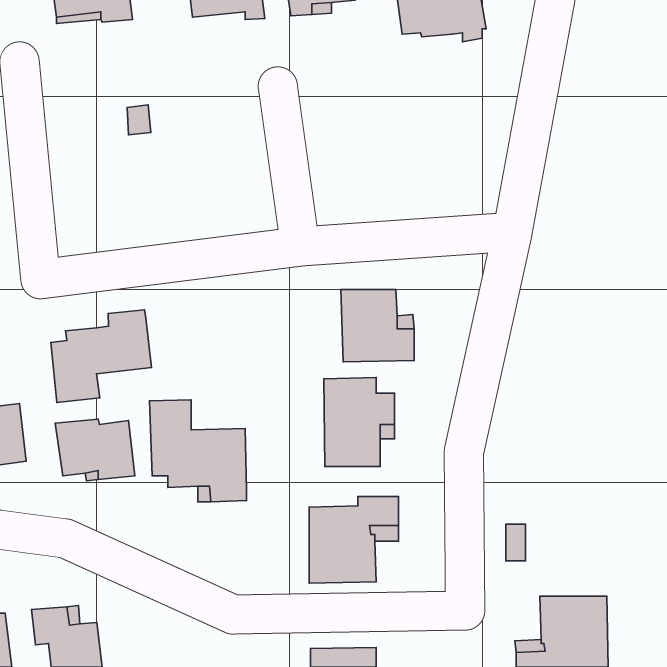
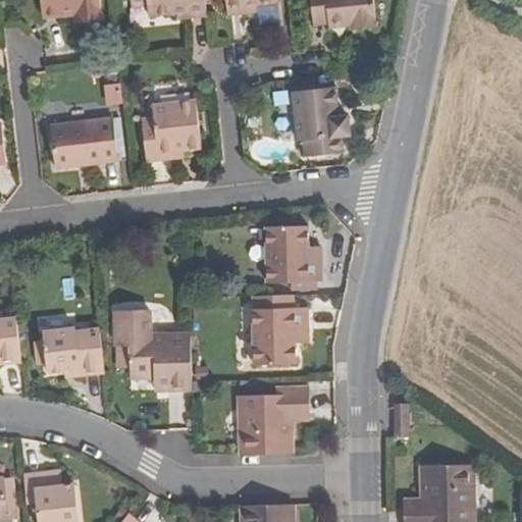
building: none -> [285,88,347,158]
building: none -> [142,103,197,163]
building: none -> [50,121,118,171]
building: [51,310,152,402] -> none

